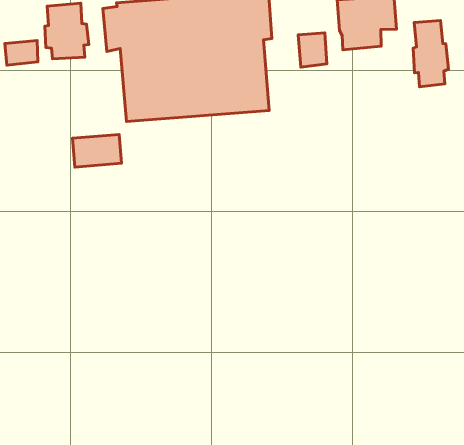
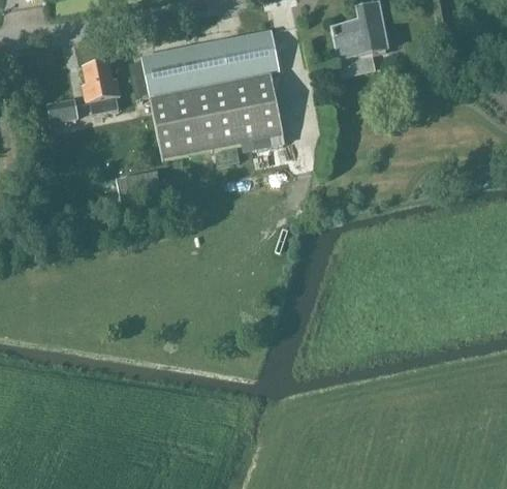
building: [413,21,448,87] -> none
building: [298,33,327,67] -> none

